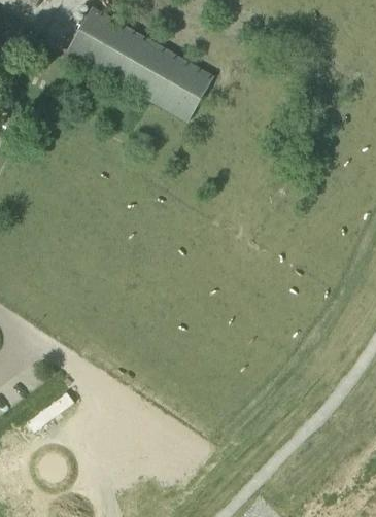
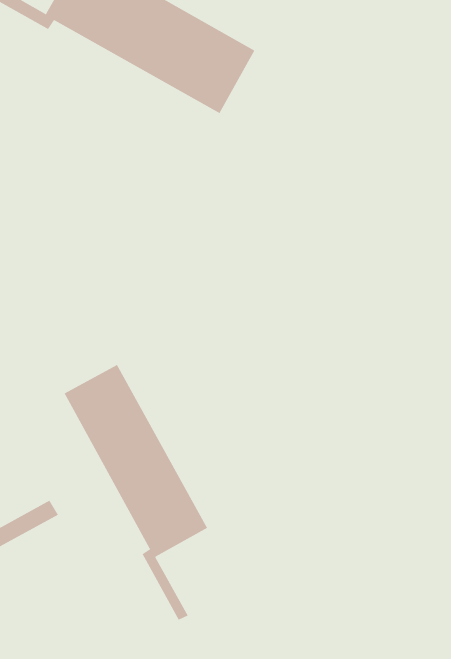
building: none -> [64,364,208,620]

